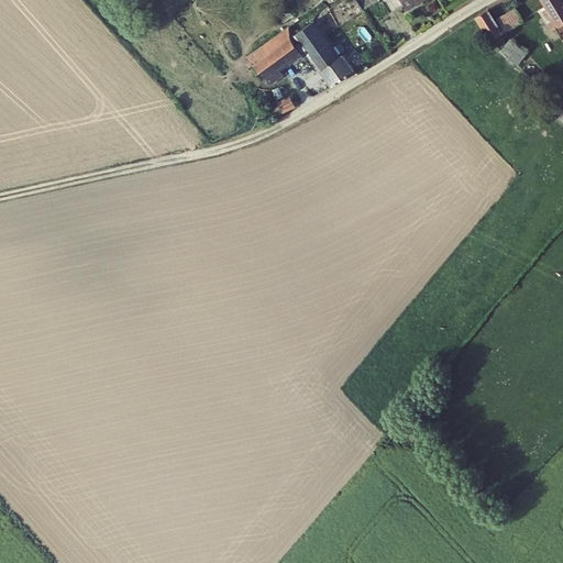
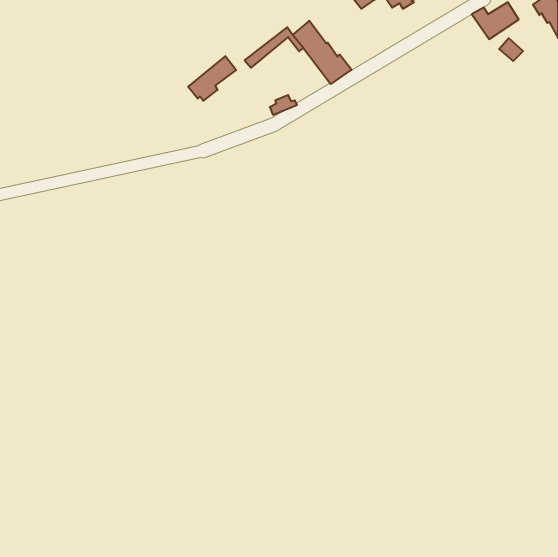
building: [253,37,301,82] -> [188,56,236,101]

